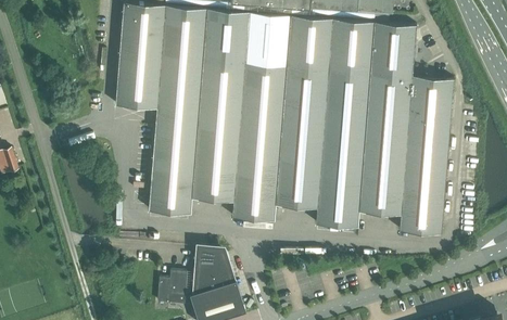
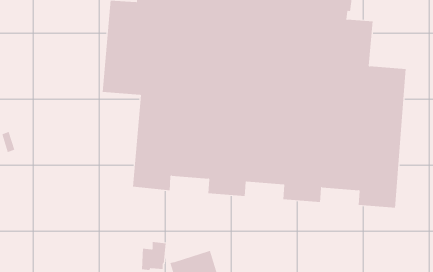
building: [194,248,231,294] -> none

